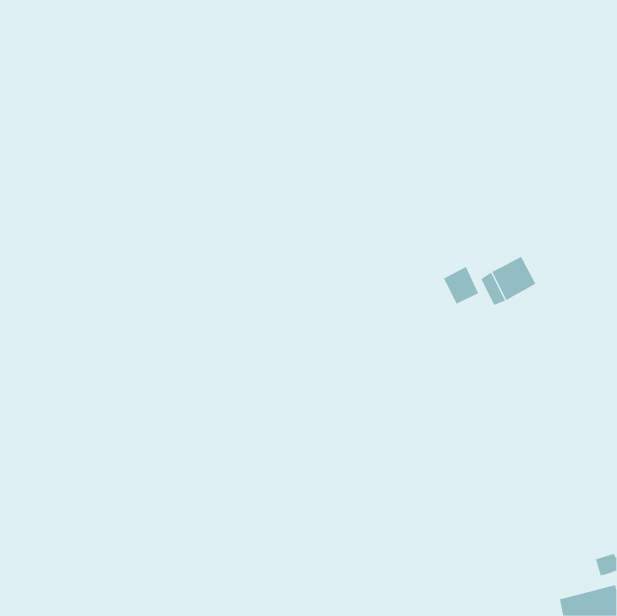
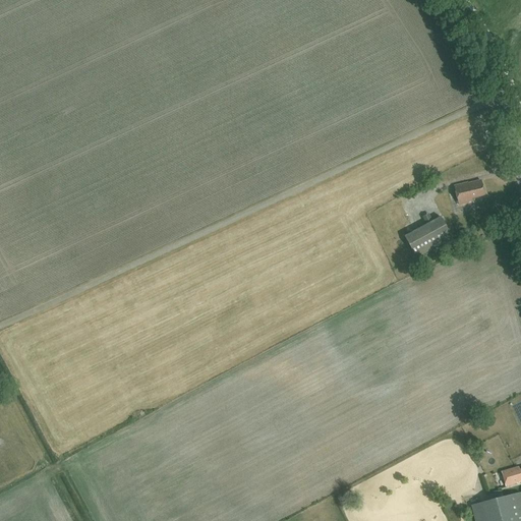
building: none -> [455,180,485,204]
building: [443,266,479,305] -> none

